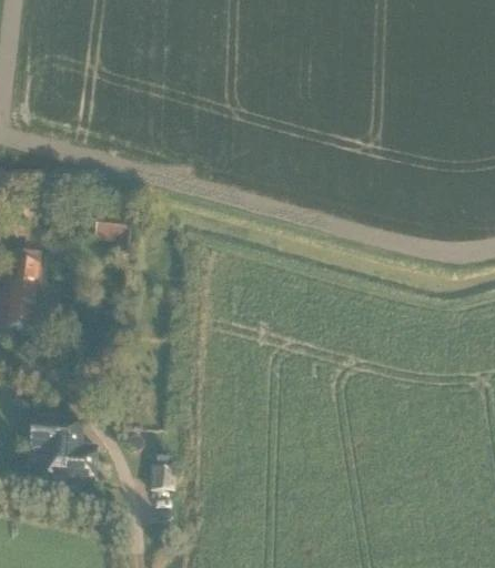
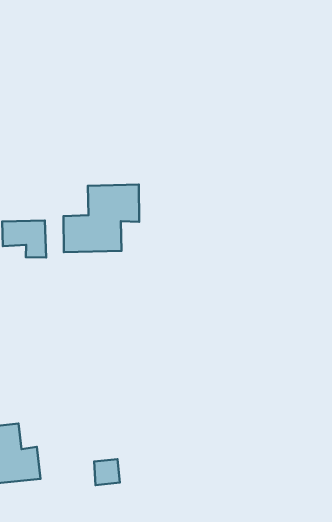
building: none -> [64,184,139,252]

